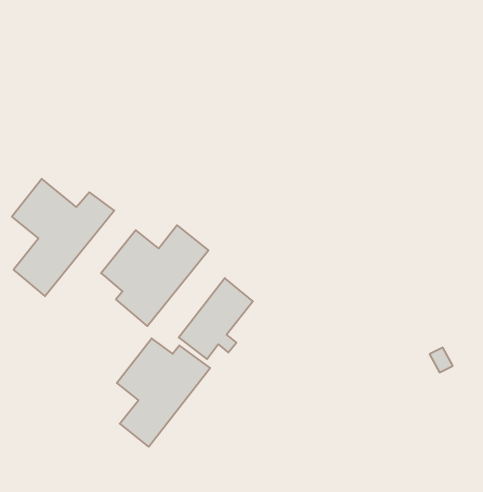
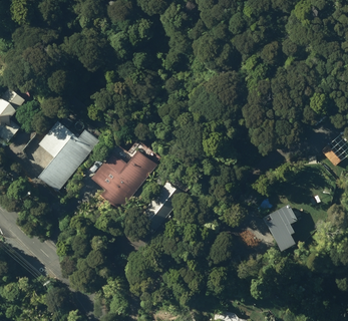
building: none -> [270,206,300,255]
building: [117,338,210,447] -> none

